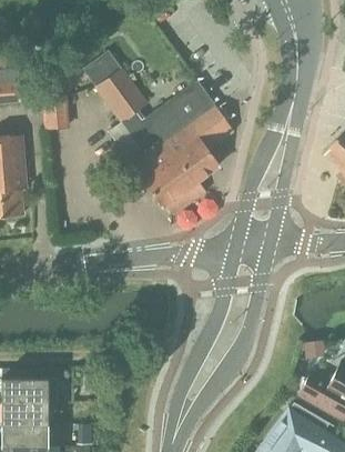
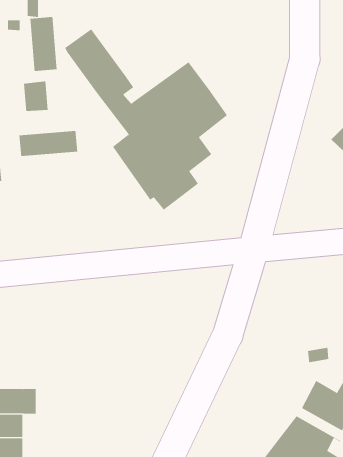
building: none -> [30,16,57,72]
building: none -> [19,130,78,157]

